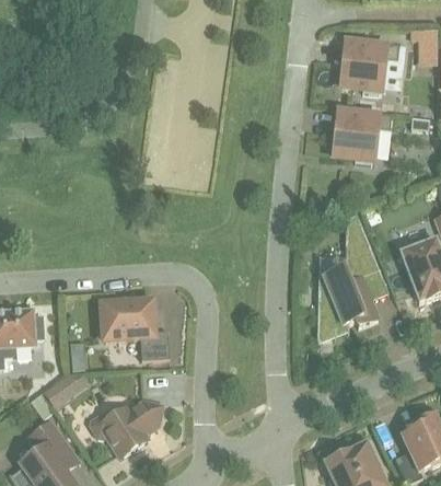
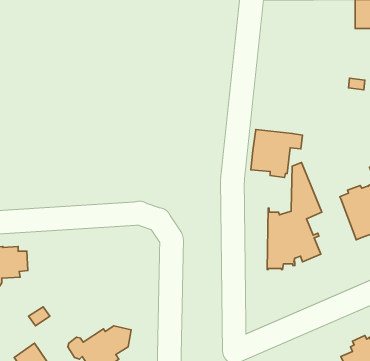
building: [340,37,399,92] -> none
building: [333,107,392,162] -> [251,130,303,177]
building: [102,301,170,359] -> none

